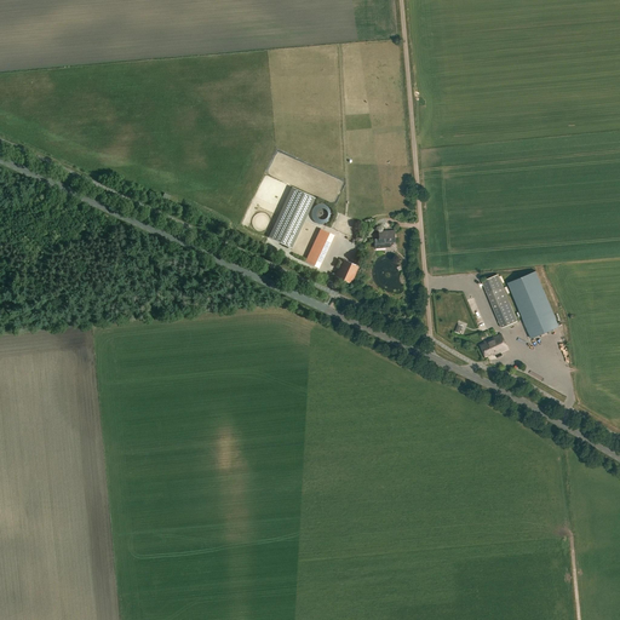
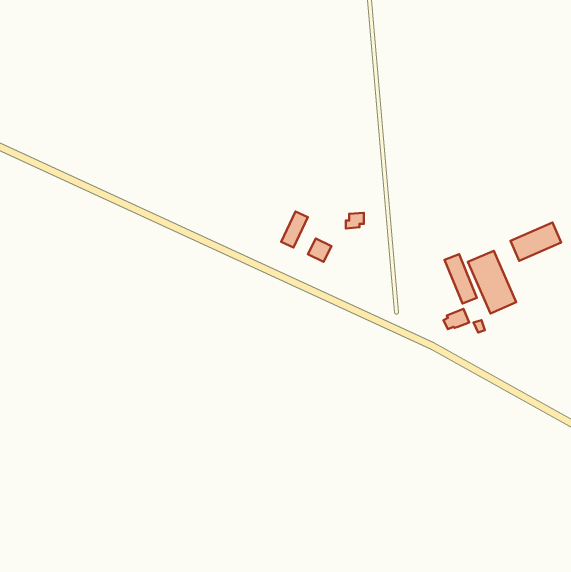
building: [268,188,314,248] -> none
building: none -> [510,222,561,261]

